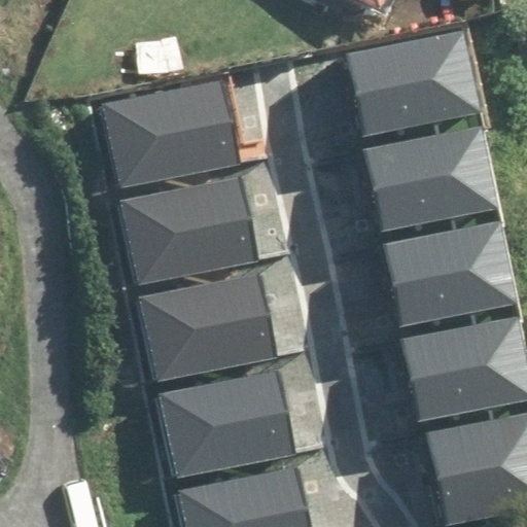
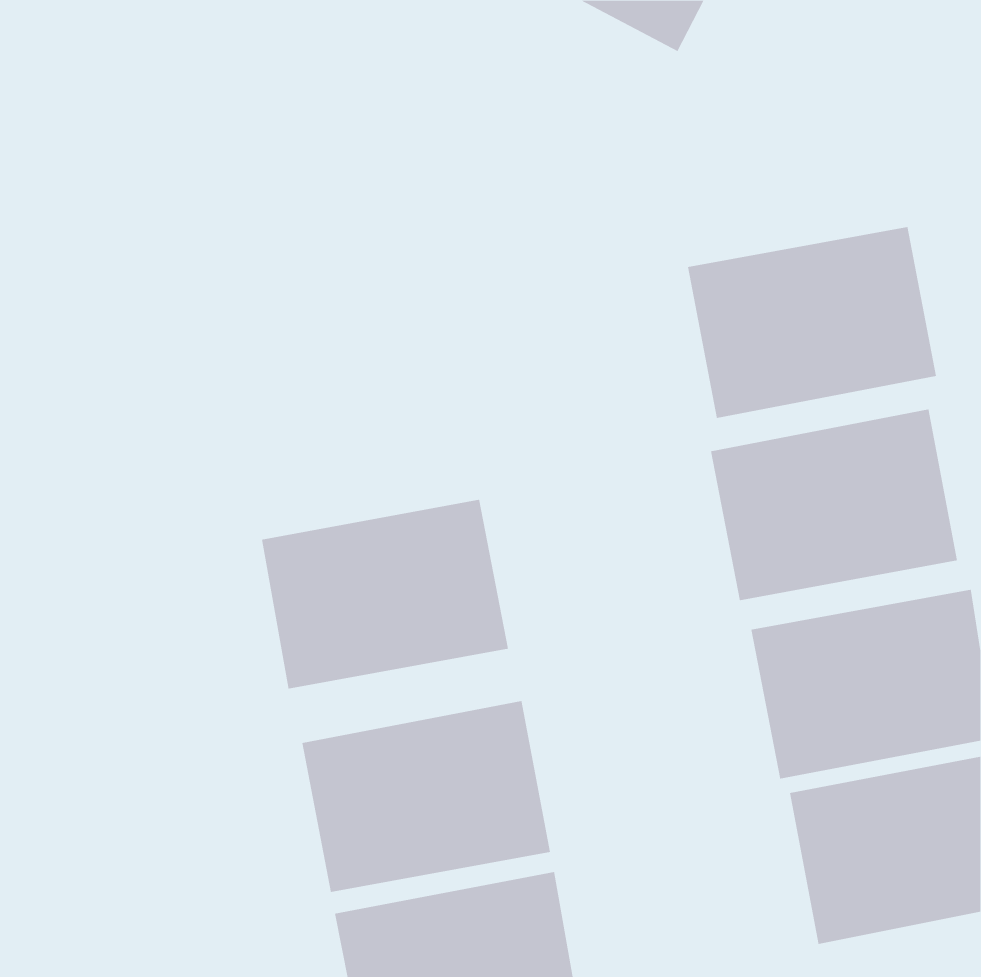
building: [345,33,479,136] -> none
building: [106,86,239,189] -> none
building: [125,177,258,280] -> none

